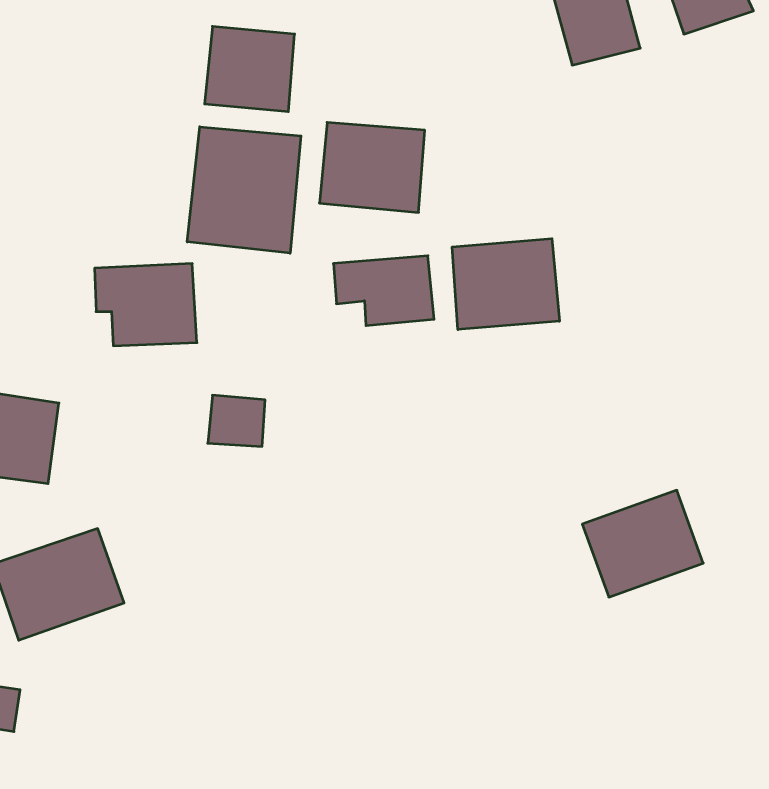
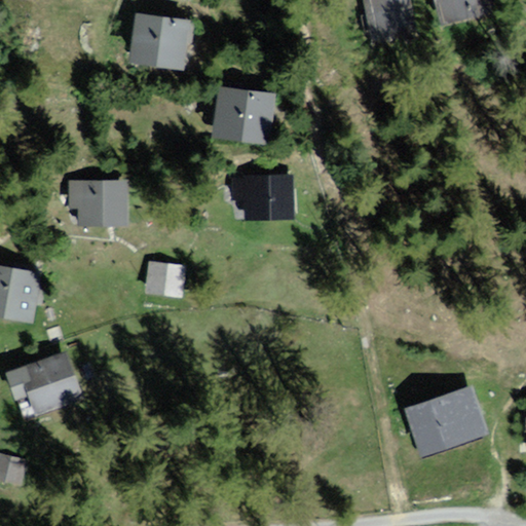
building: [187,127,301,253] -> none
building: [452,239,559,330] -> none
building: [582,490,703,597] -> [408,384,488,455]

